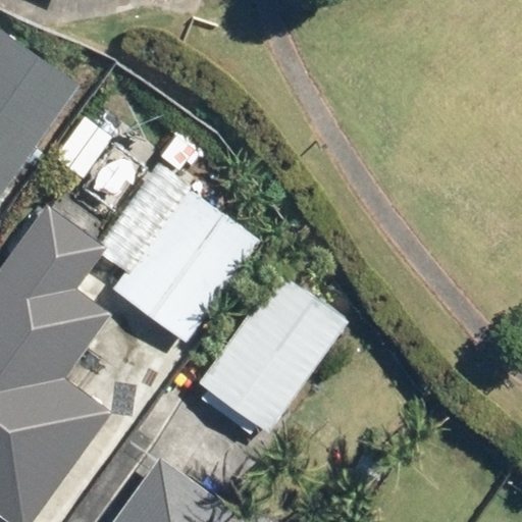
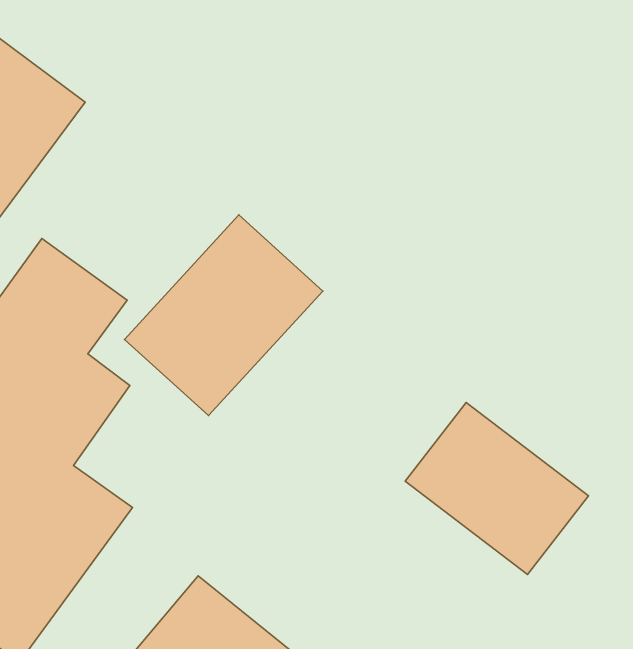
building: [203,292,327,425] -> none
building: none -> [405,402,588,575]

